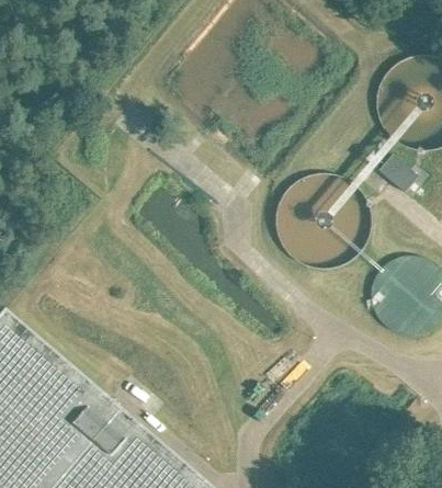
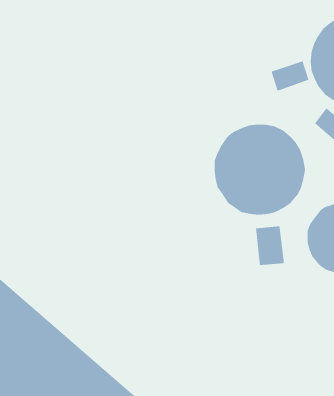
building: none -> [271,60,309,91]
building: none -> [255,226,284,266]

